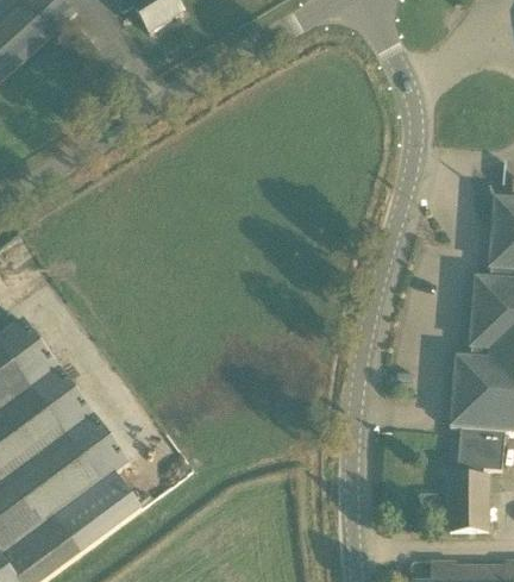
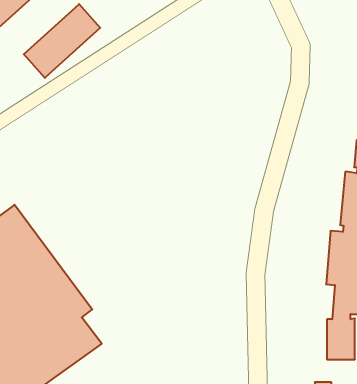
building: none -> [24,4,100,78]

